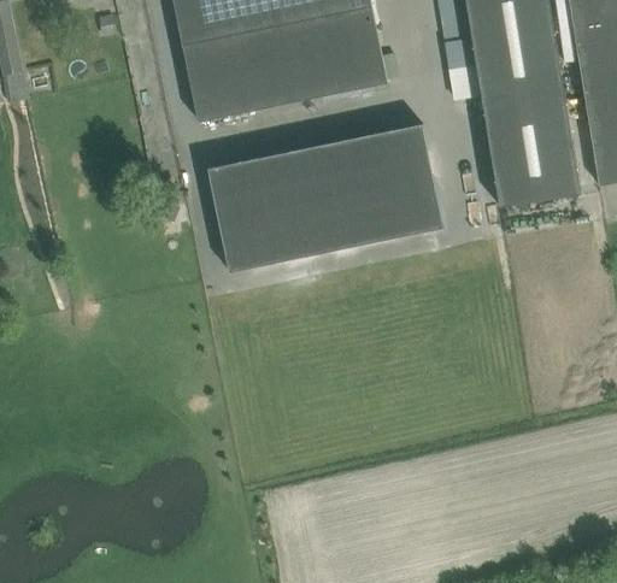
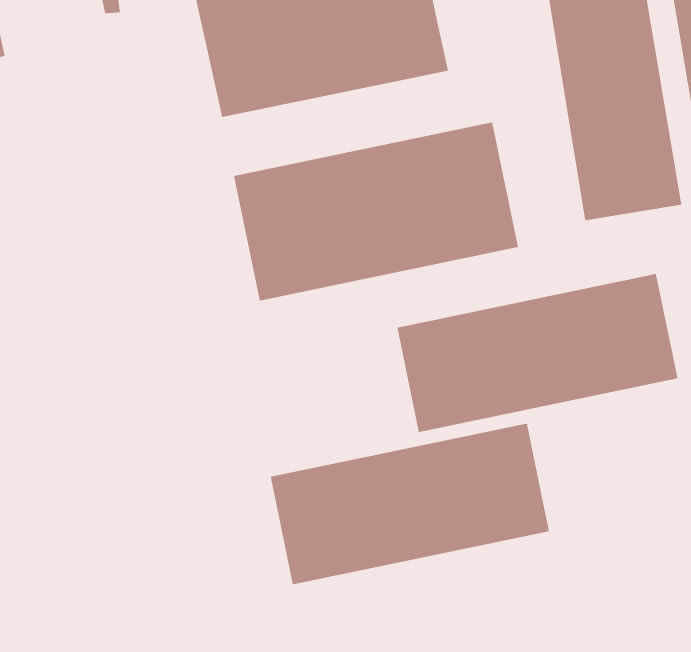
building: none -> [397,273,678,433]
building: none -> [270,423,550,585]

